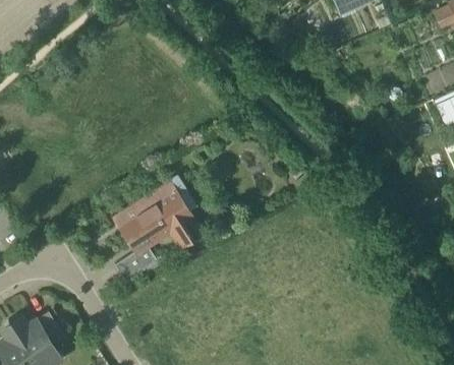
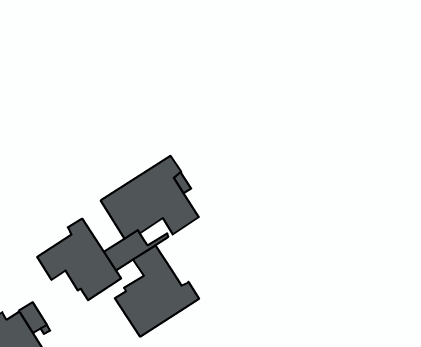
building: none -> [37,219,121,300]
building: none -> [115,246,199,337]

